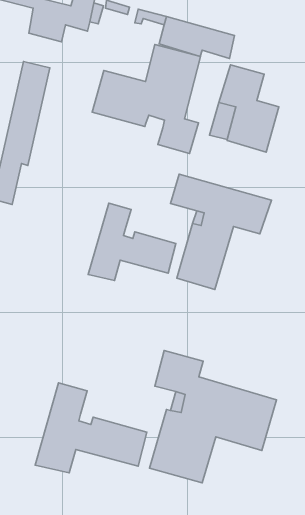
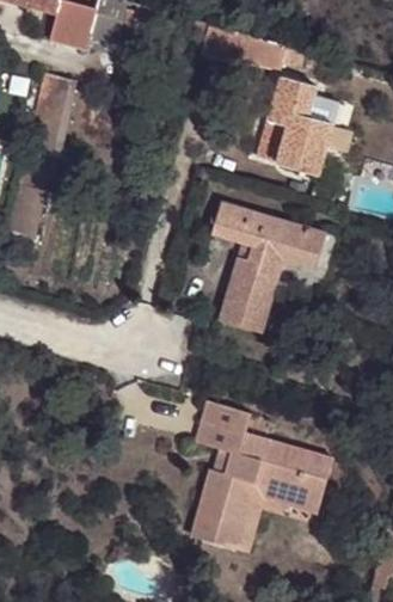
building: [92,44,200,154] -> none
building: [88,203,176,281] -> none
building: [35,383,147,473] -> none

